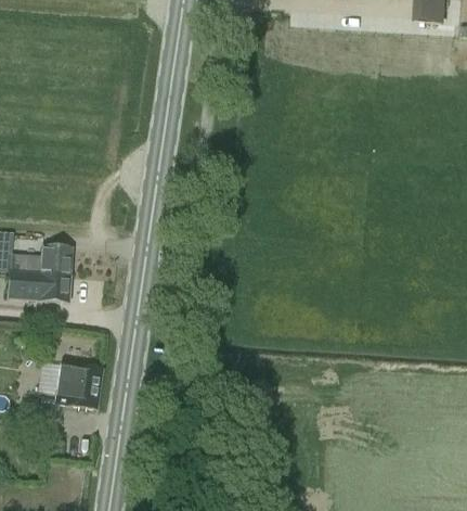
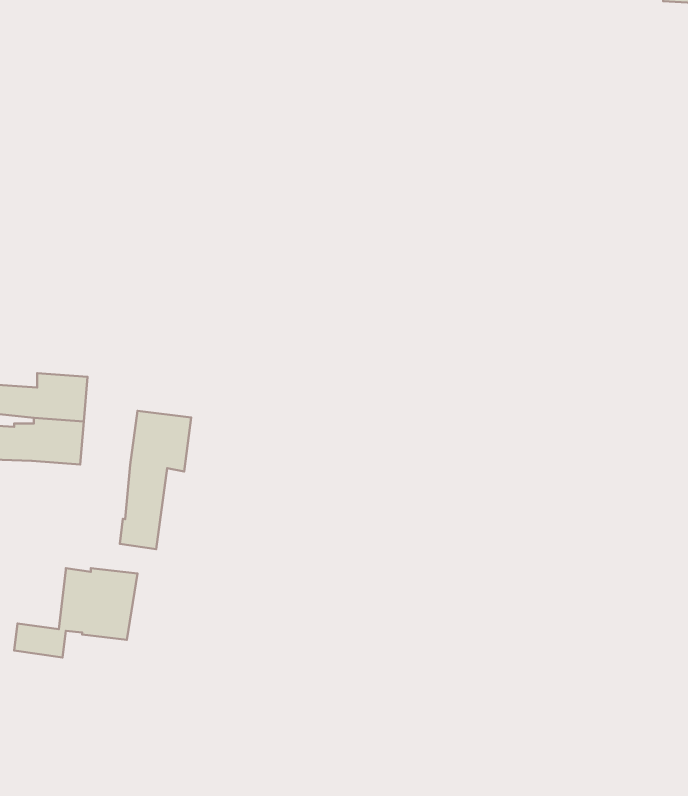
building: none -> [120,411,191,549]

